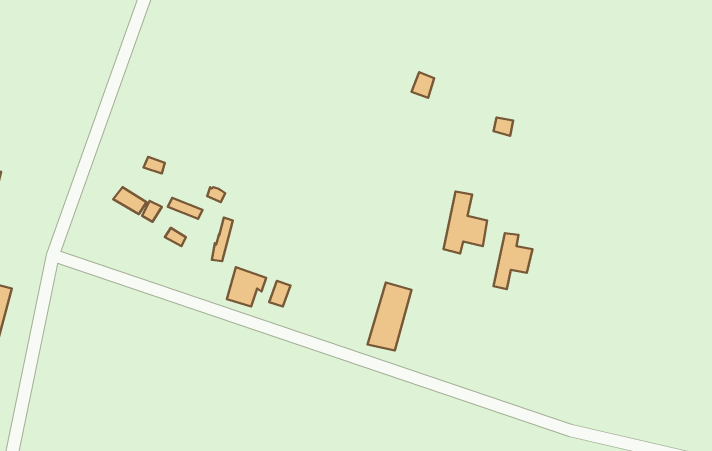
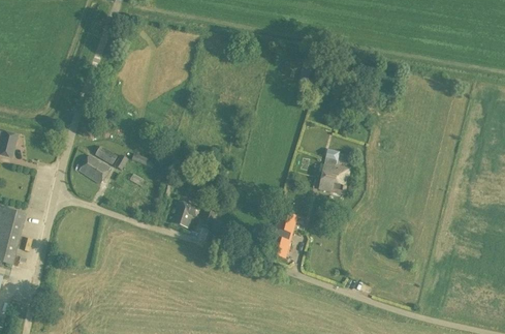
building: none -> [78,154,109,183]
building: [494,233,533,289] -> none

